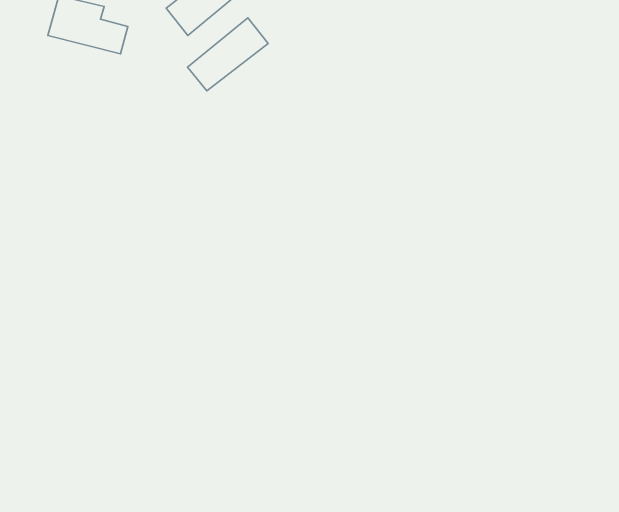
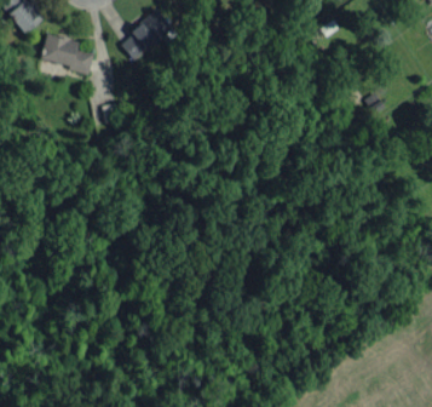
building: [187,18,268,91] -> none

